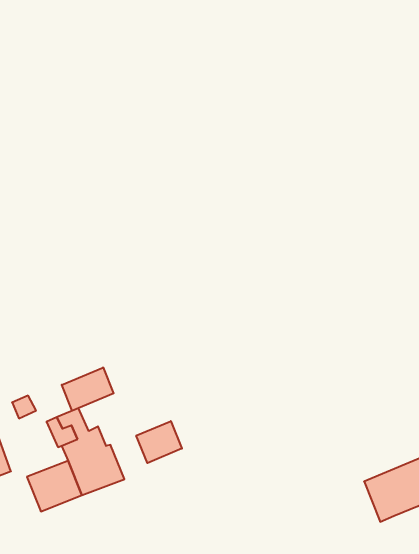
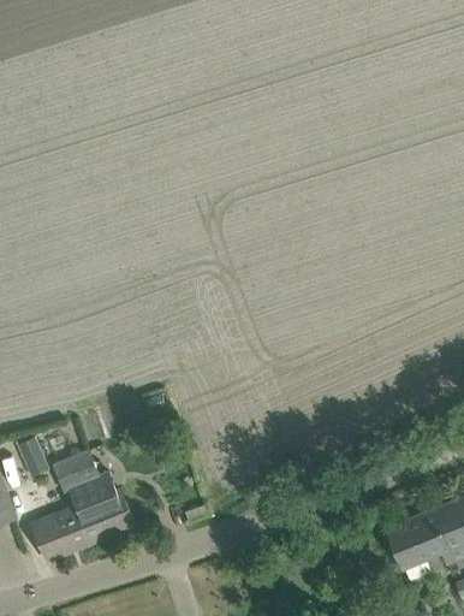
building: [62,367,114,411] -> none
building: [136,421,182,463] -> none

